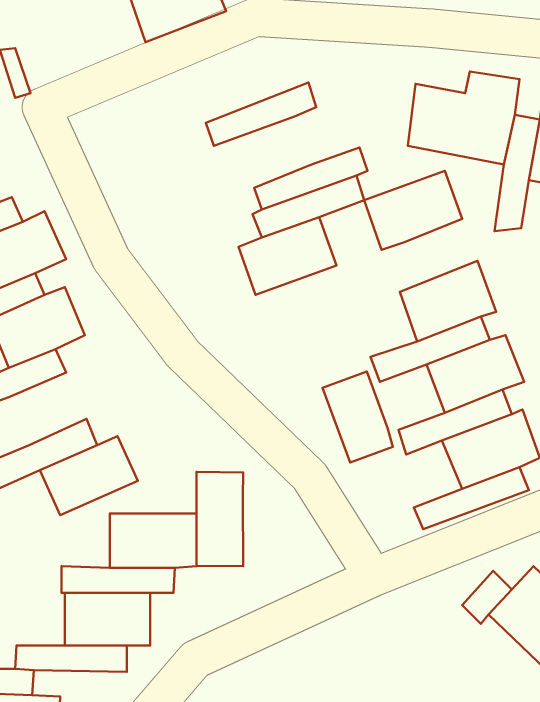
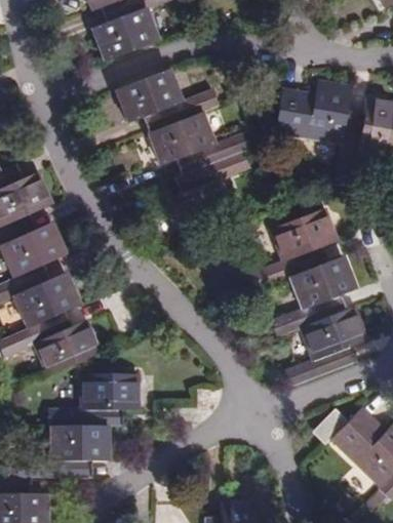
building: none -> [118,68,182,119]
building: [364,171,462,250] -> [150,110,214,162]
building: none -> [14,273,80,327]
building: [323,372,393,463] -> none
building: [197,472,243,566] -> none

